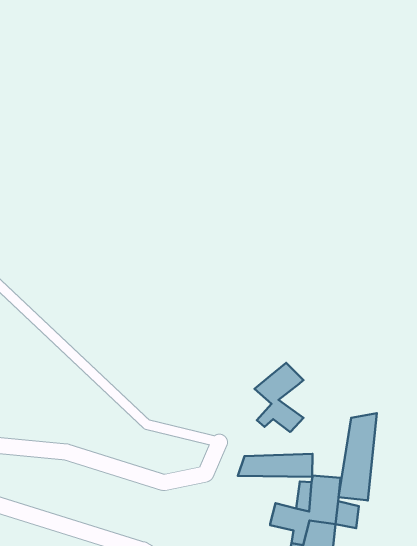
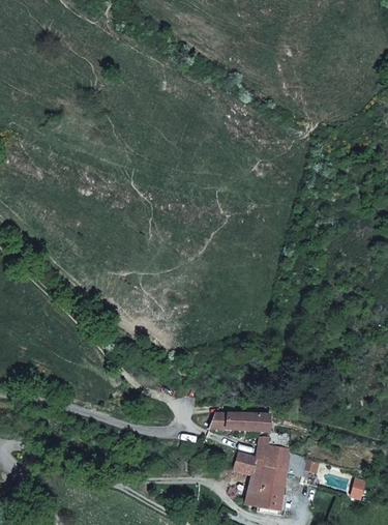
building: [254,363,304,432] -> none
building: [338,413,377,501] -> none

